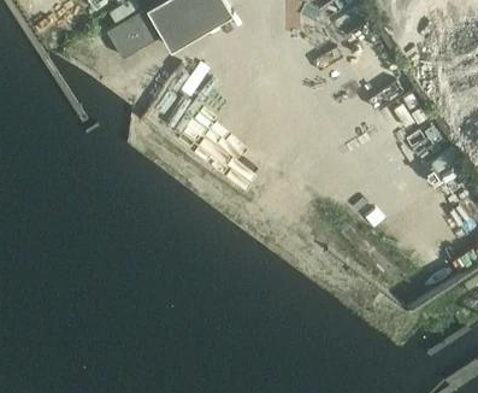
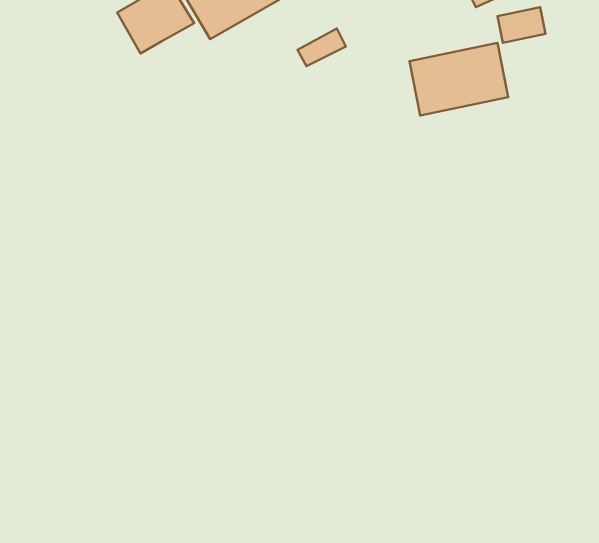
building: none -> [409,43,508,115]

